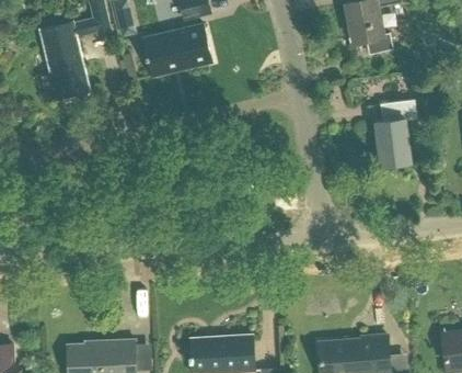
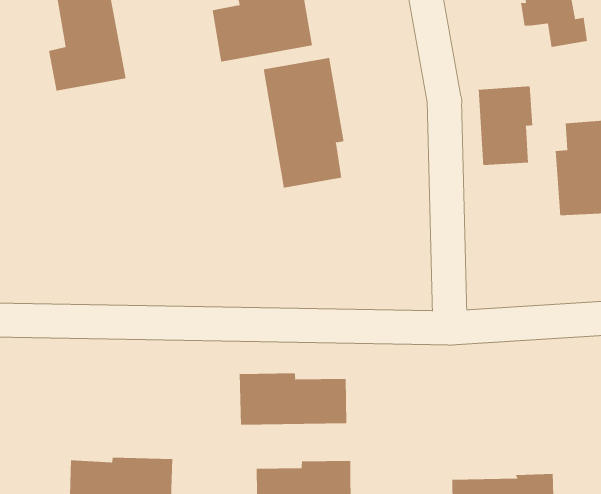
building: none -> [263,57,344,189]
building: none -> [478,85,533,166]
building: none -> [239,373,347,425]

